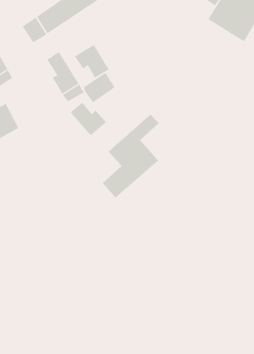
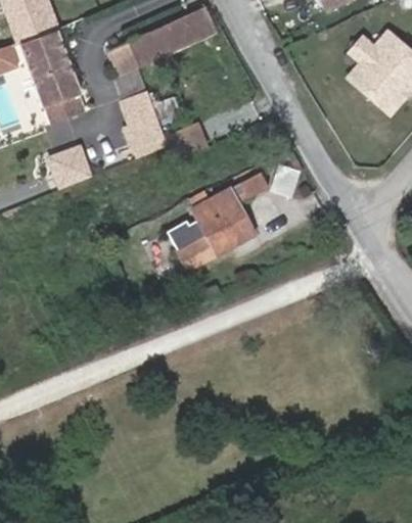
building: [74,44,110,78] -> none
building: [70,102,107,136] -> none

